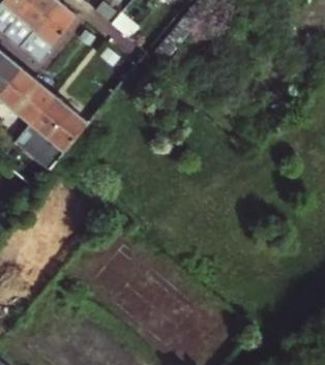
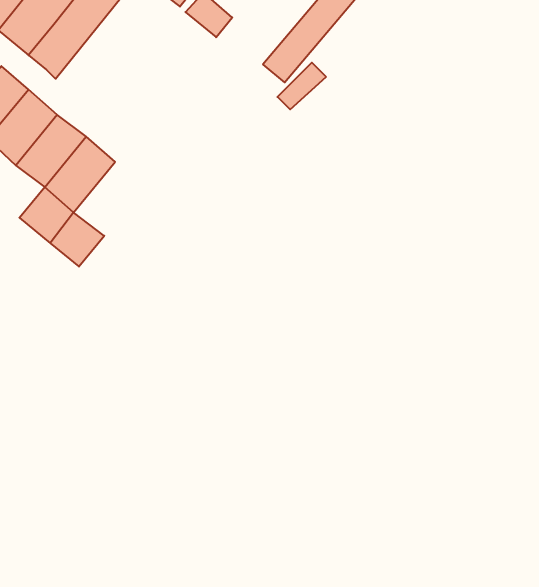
building: [45,109,86,151] -> none

